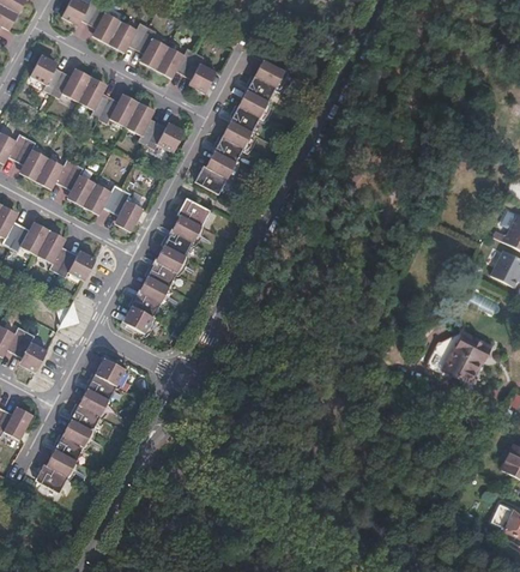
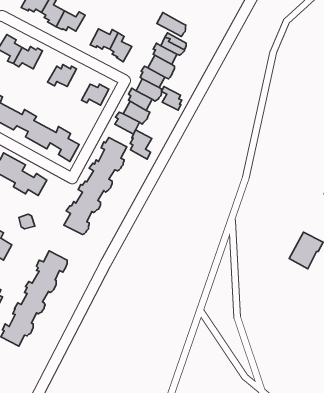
building: none -> [157,13,186,36]
building: [138,25,170,67] -> none
building: [78,76,111,120] -> none
building: [126,101,158,145] -> none
building: none -> [162,87,182,110]
building: none -> [130,130,152,159]

